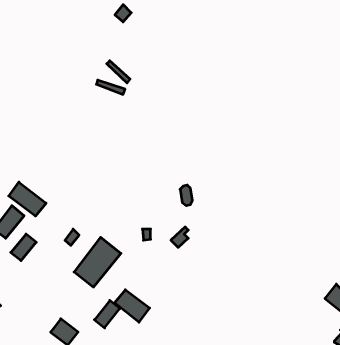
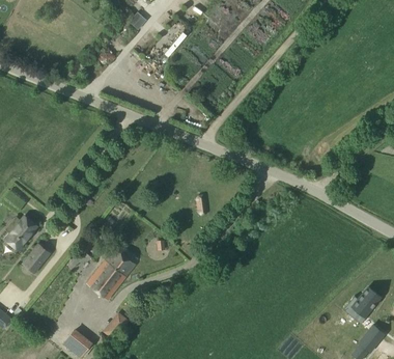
building: [9,182,46,216] -> none
building: [115,290,150,322] -> none

